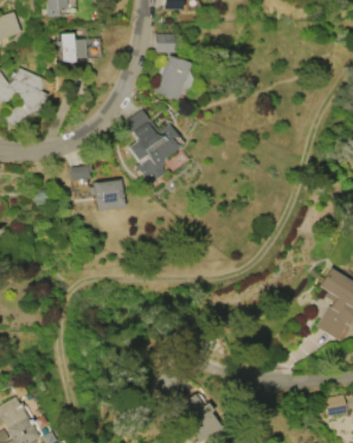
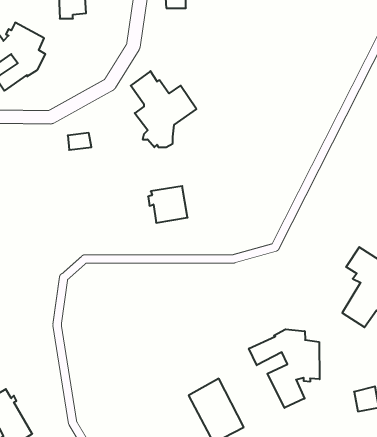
building: [156,56,191,101] -> none
building: [90,179,126,212] -> [148,186,188,223]
building: none -> [249,329,320,408]

